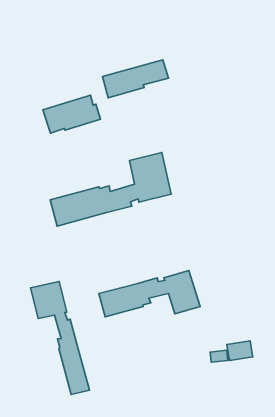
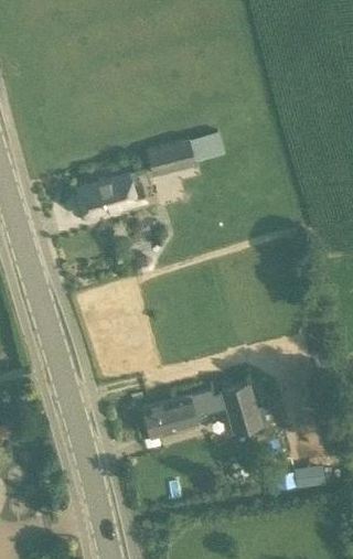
building: [50,153,171,226] -> none
building: [30,282,89,395] -> none

